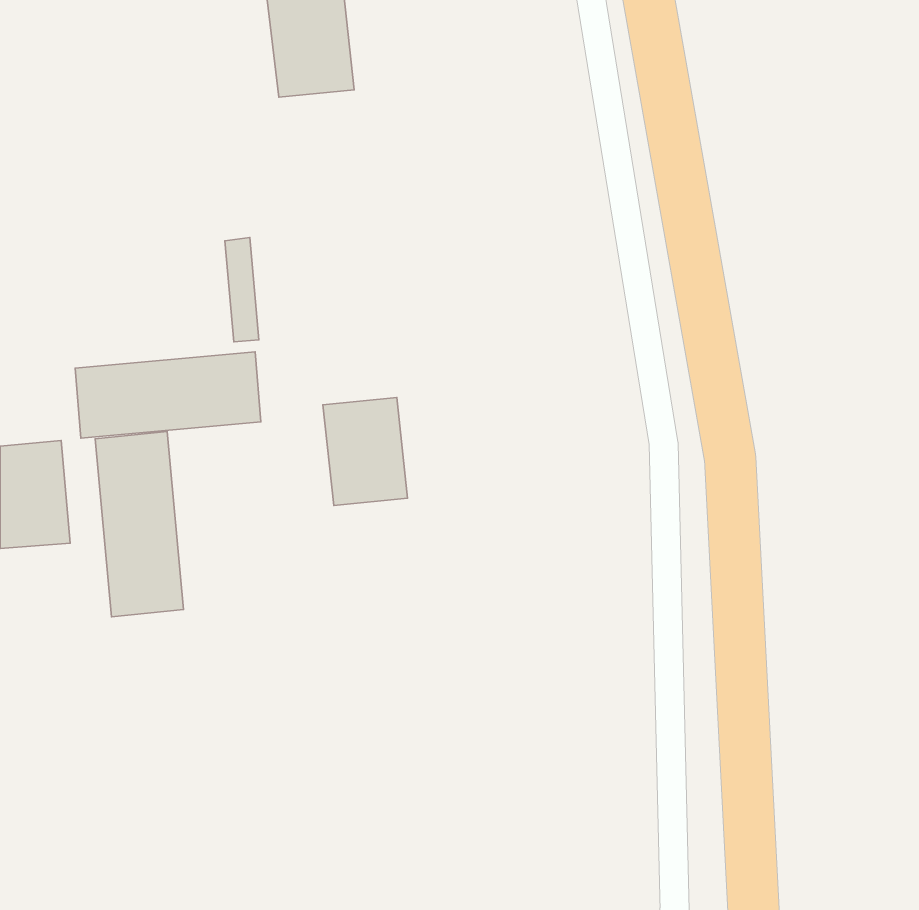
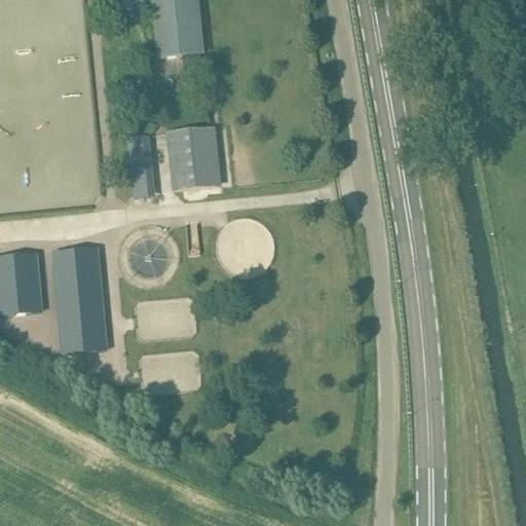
building: [75,352,261,438] -> none
building: [323,398,408,506] -> [168,126,217,188]

